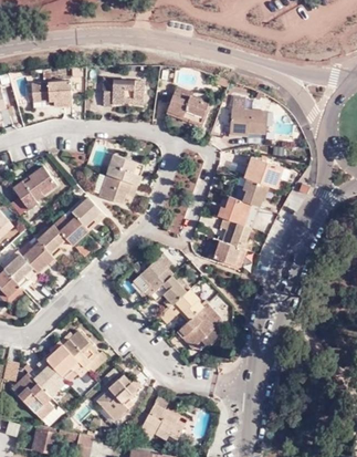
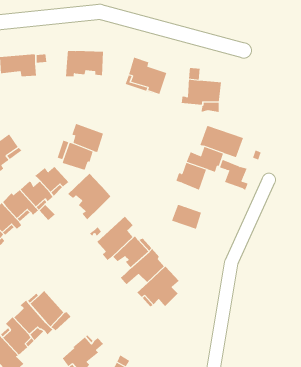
building: none -> [67,173,111,220]
building: [221,217,252,250] -> [219,159,248,191]

